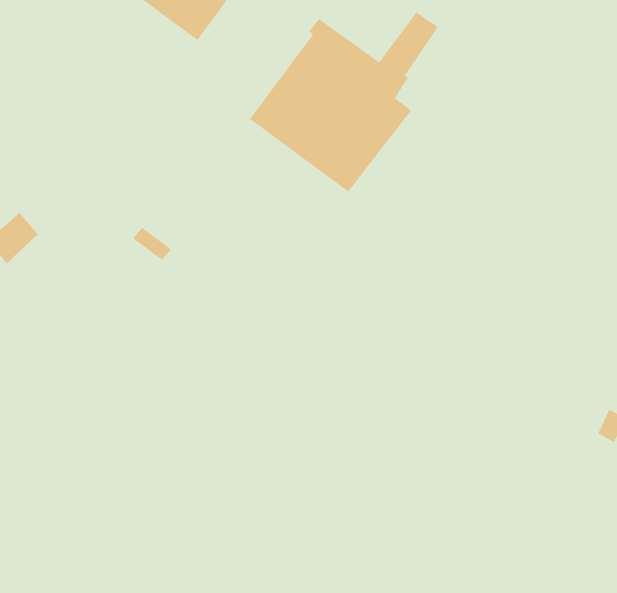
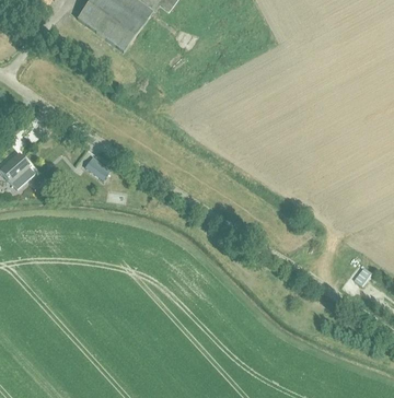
building: [249,11,439,192] -> none

